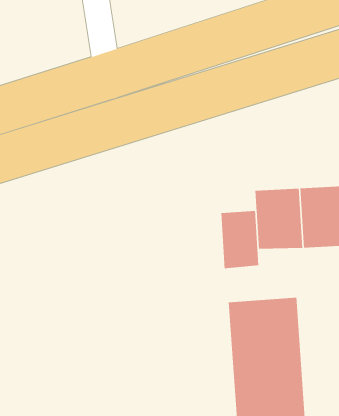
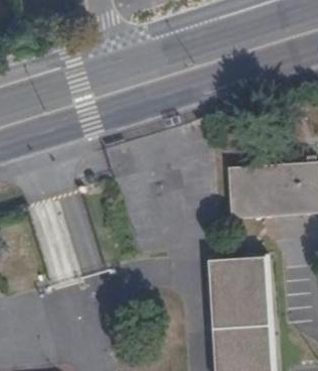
building: [220,210,259,269] -> none

